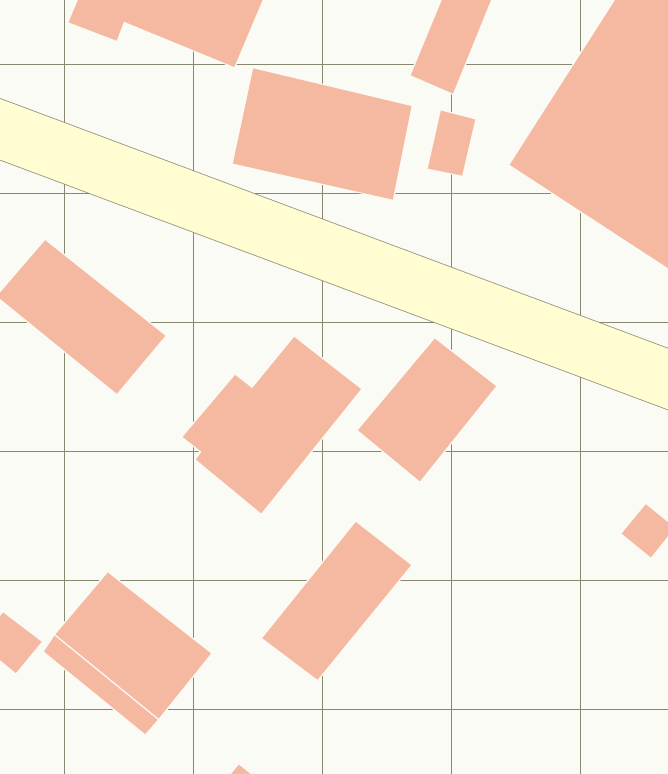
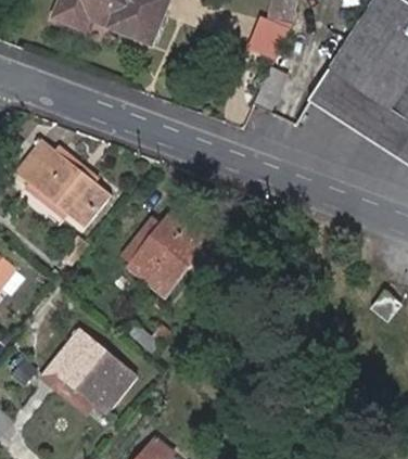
building: [232,67,412,201] -> none
building: [357,338,497,482] -> none
building: [261,521,412,681] -> none

